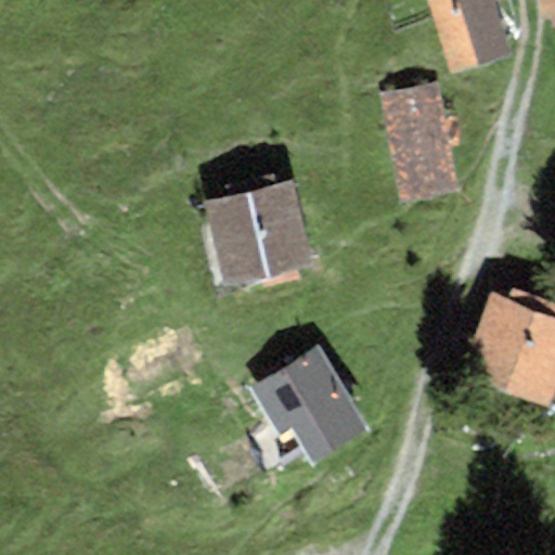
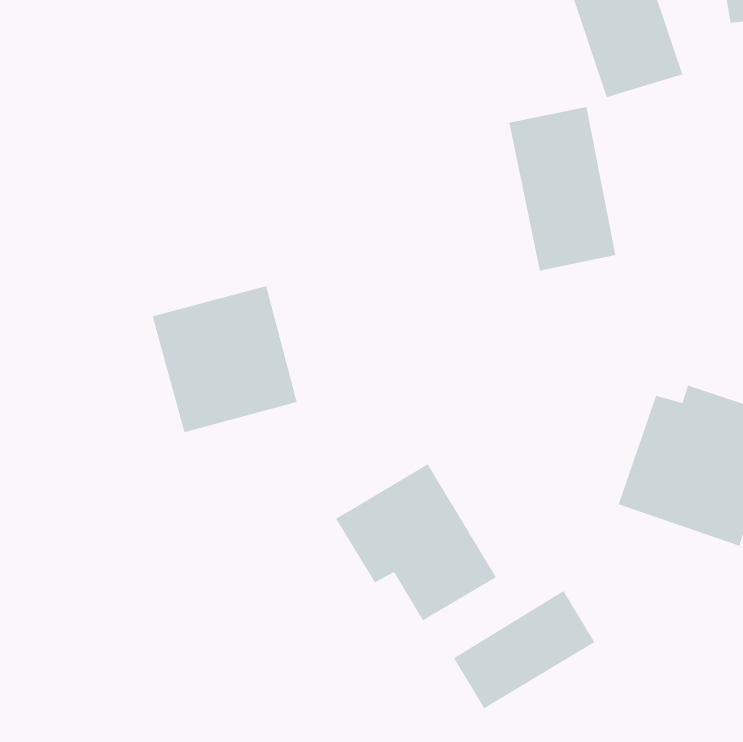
building: [204,179,312,288] -> [152,286,297,433]
building: none -> [453,590,595,709]

